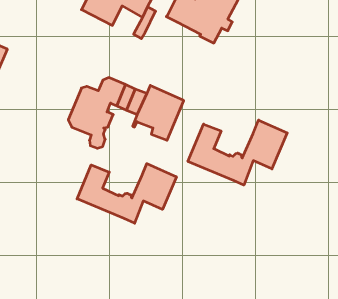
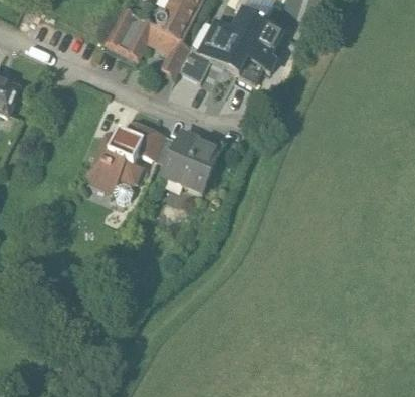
building: none -> [176,44,212,81]
building: [188,120,287,185] -> none
building: [77,164,176,223] -> none

